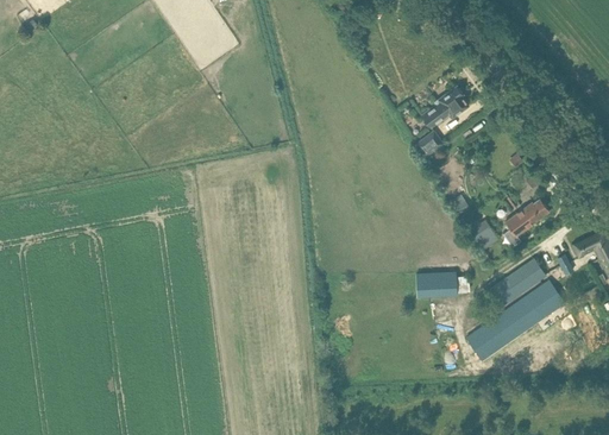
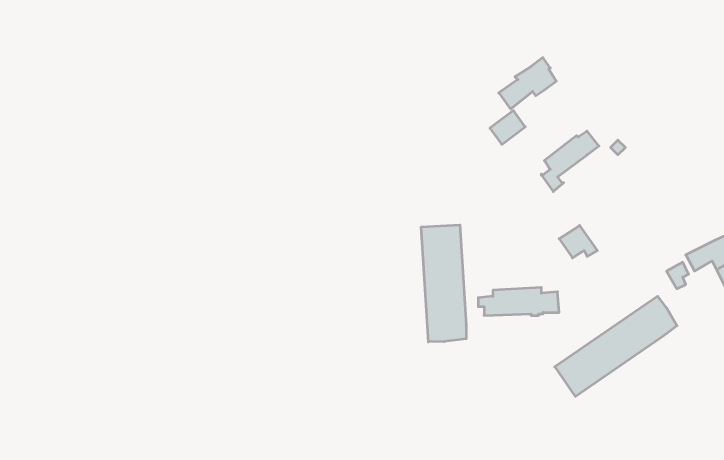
building: [503,198,550,247] -> [541,131,599,192]
building: none -> [421,225,466,342]
building: [489,259,545,307] -> none

